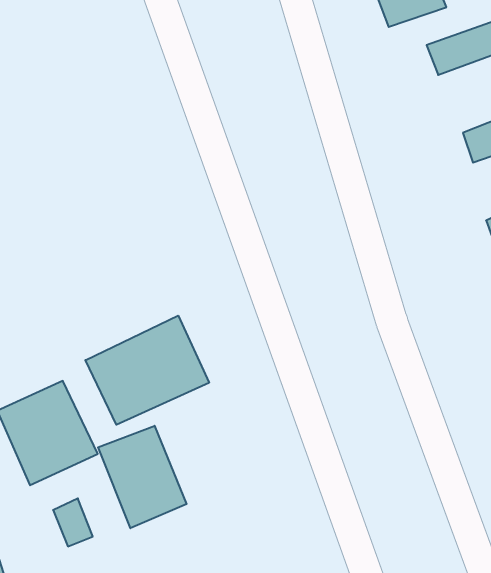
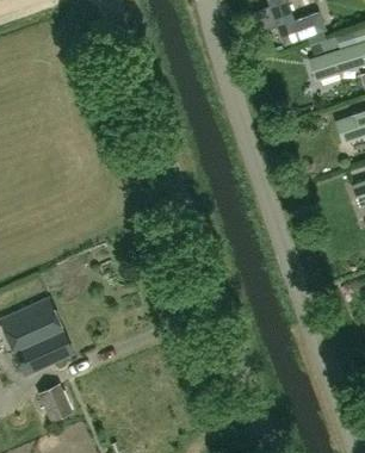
building: [85,316,209,425] -> none
building: [98,426,187,528] -> none

